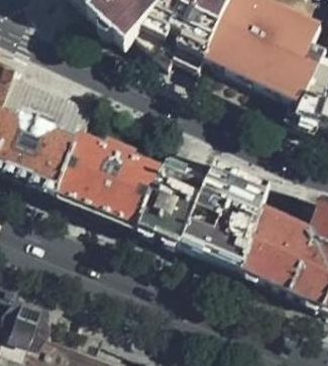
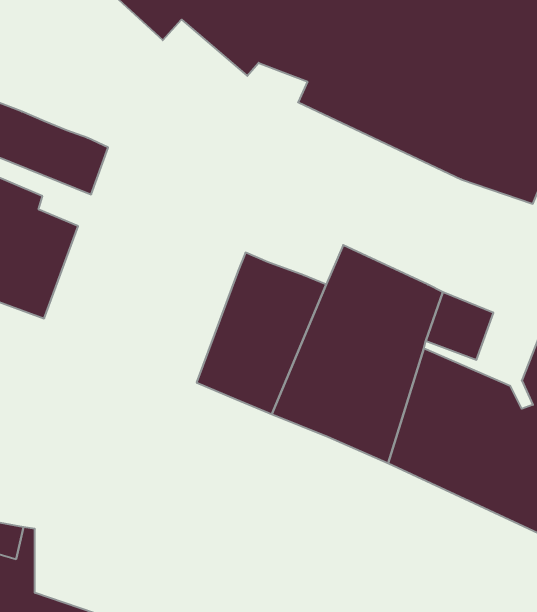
building: [56,132,159,224] -> none

